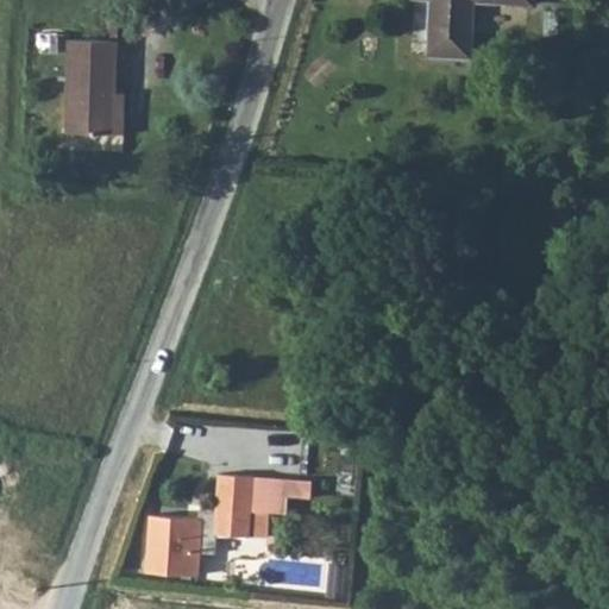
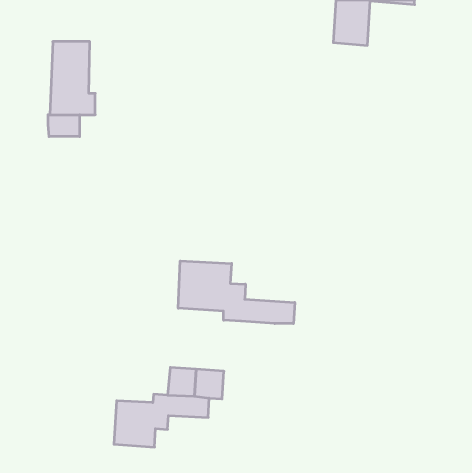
building: none -> [48,115,80,137]
building: none -> [178,261,295,324]

